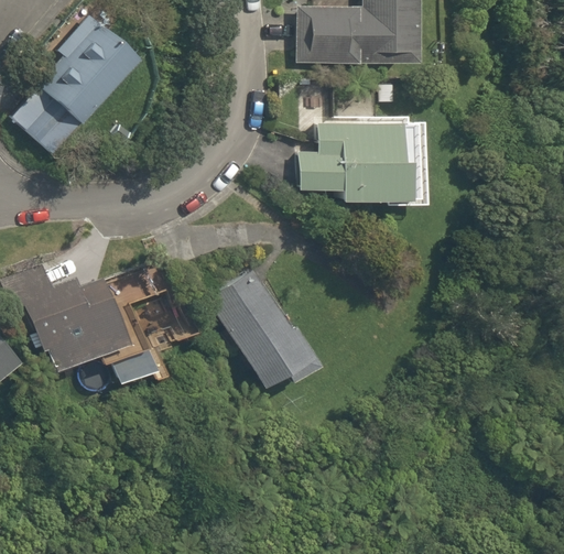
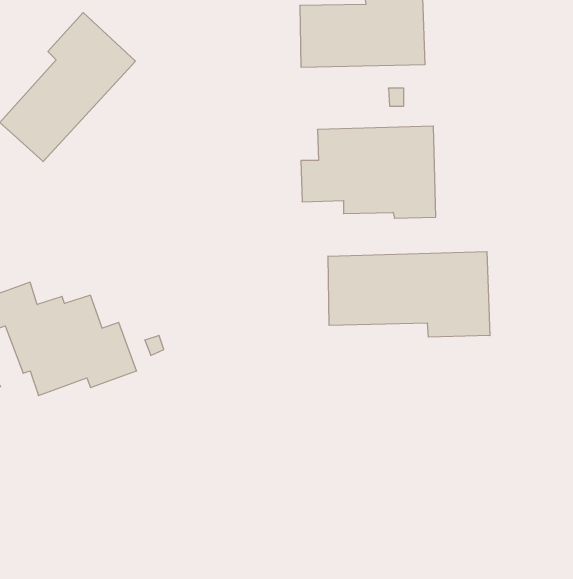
building: none -> [328,252,490,337]
building: [207,269,315,394] -> none

